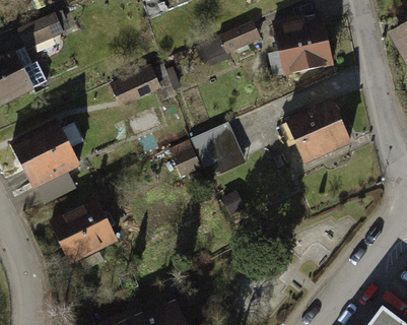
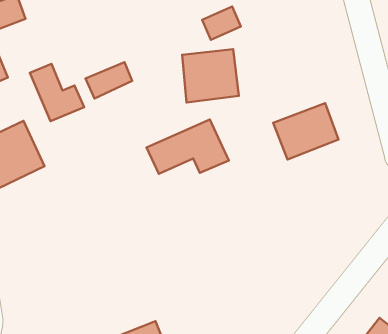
building: [281,21,333,70] -> [182,49,239,102]
building: none -> [30,64,84,121]
building: [55,201,116,258] -> none

